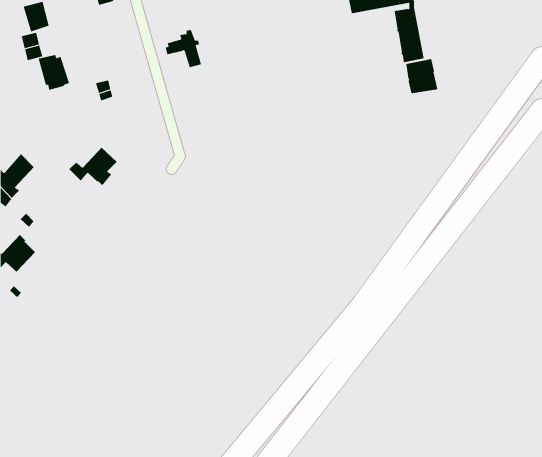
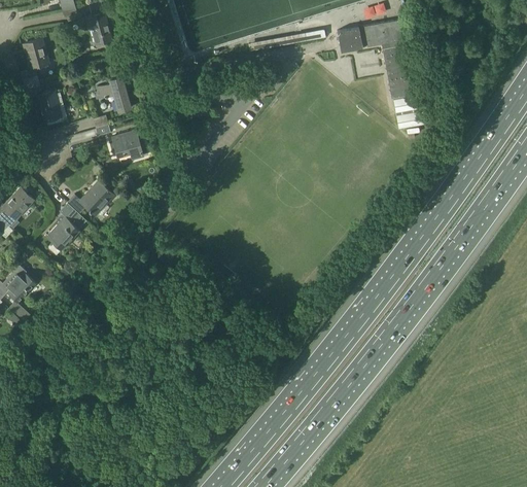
building: [165,29,202,68] -> [95,74,131,111]
building: none -> [111,130,143,160]
building: none -> [46,202,86,255]

